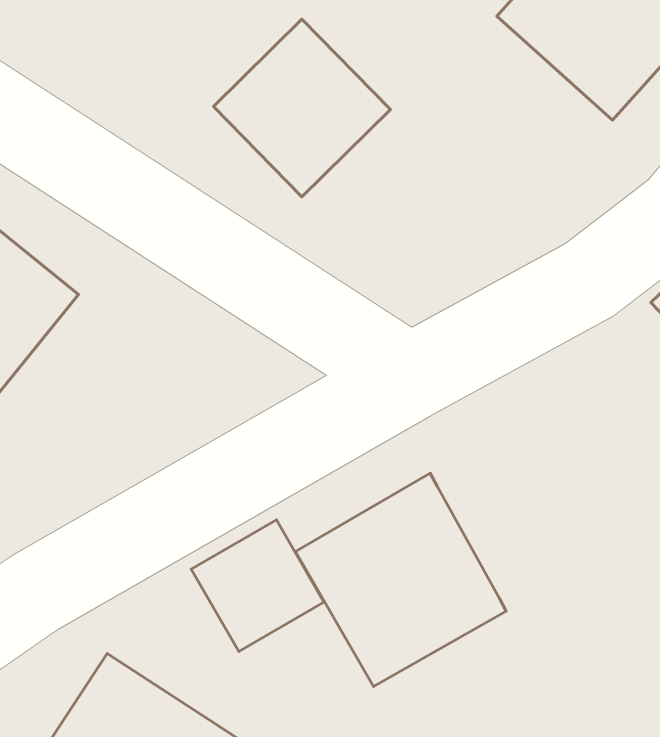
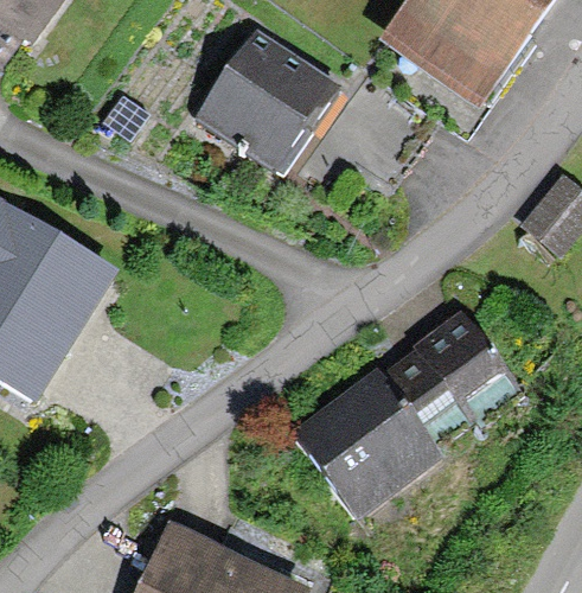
building: none -> [386,315,517,446]
building: [191,520,324,652] -> none

